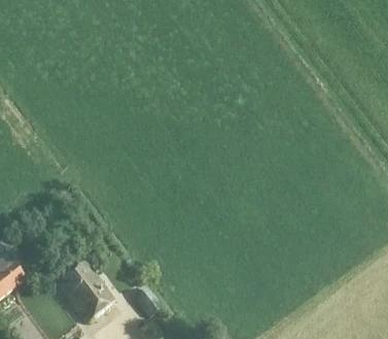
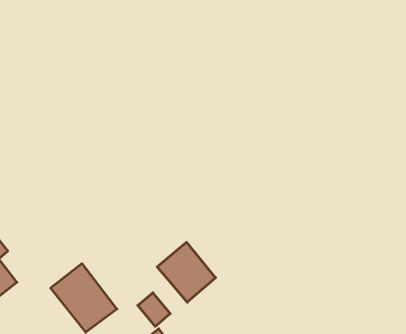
building: none -> [157,242,216,302]

